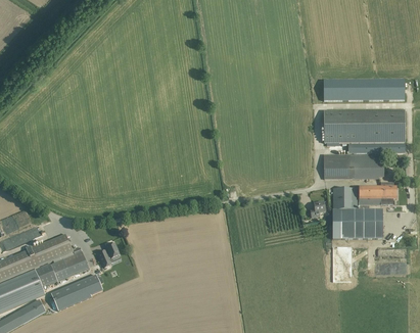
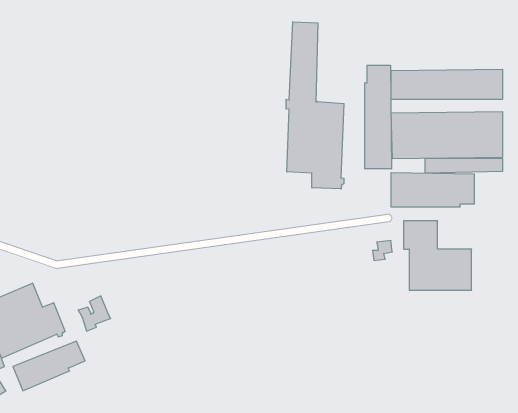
building: none -> [286,22,344,189]
building: none -> [365,65,391,169]
building: [358,186,395,204] -> none

